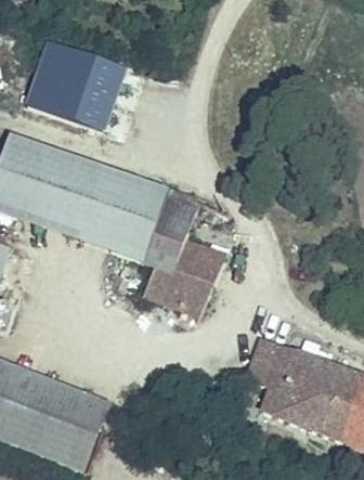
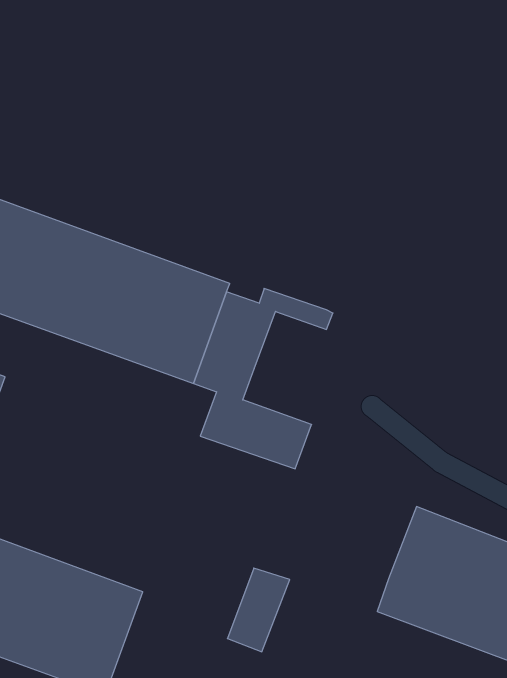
building: [21,35,126,127] -> none
building: [171,251,224,288] -> none
building: [245,335,286,390] -> [227,568,290,652]

